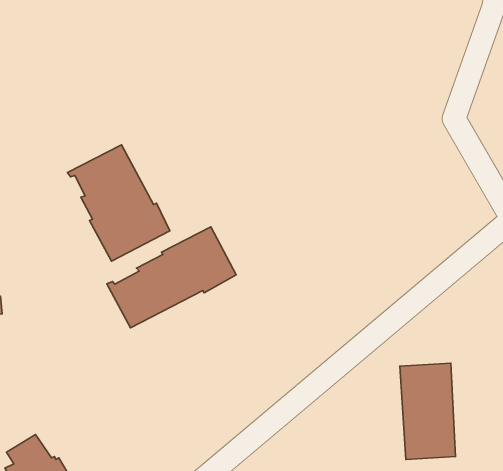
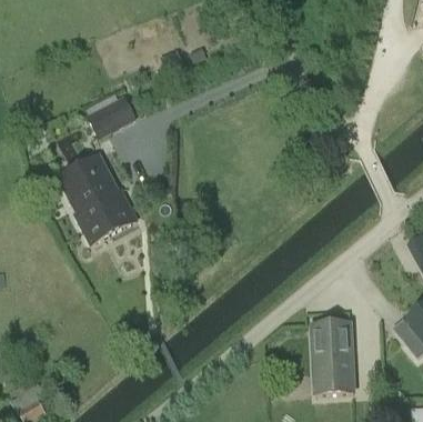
building: none -> [84,93,135,138]
building: [107,227,236,328] -> none

